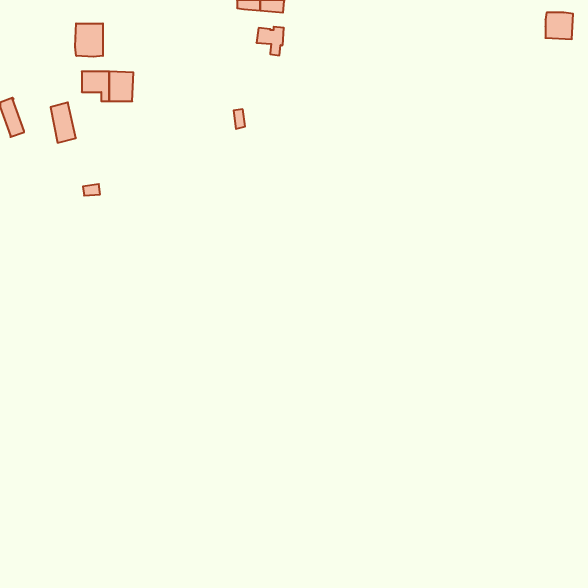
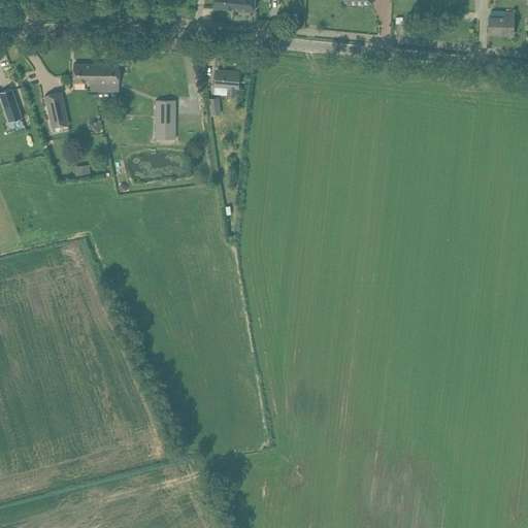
building: [75,23,103,57] -> none
building: [256,27,284,55] -> [214,71,239,97]
building: none -> [156,101,175,139]

